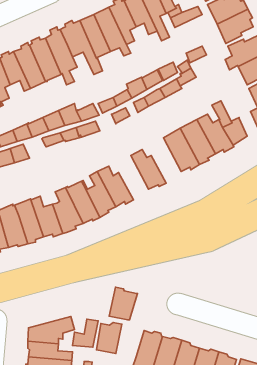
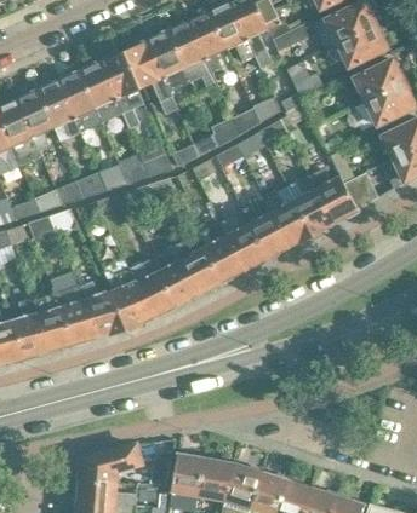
building: none -> [244,201,286,263]
building: none -> [196,225,241,286]
building: [109,287,137,320] -> [196,456,235,501]

